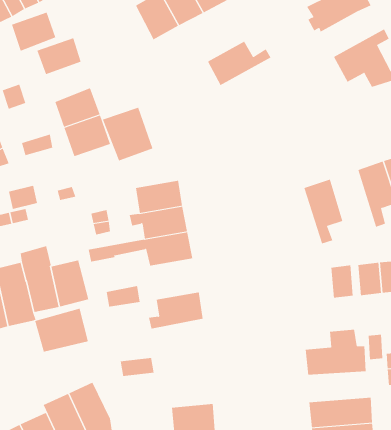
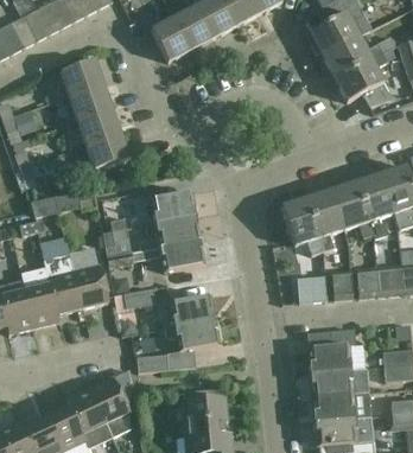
building: [11,12,56,51] -> [69,82,110,119]
building: [207,41,271,86] -> [323,36,382,77]
building: [102,107,153,162] -> none
building: none -> [332,181,374,237]
building: none -> [282,198,324,254]
building: none -> [298,275,328,302]
building: [35,308,88,352] -> none
building: none -> [166,319,220,351]
building: none -> [311,366,370,396]

